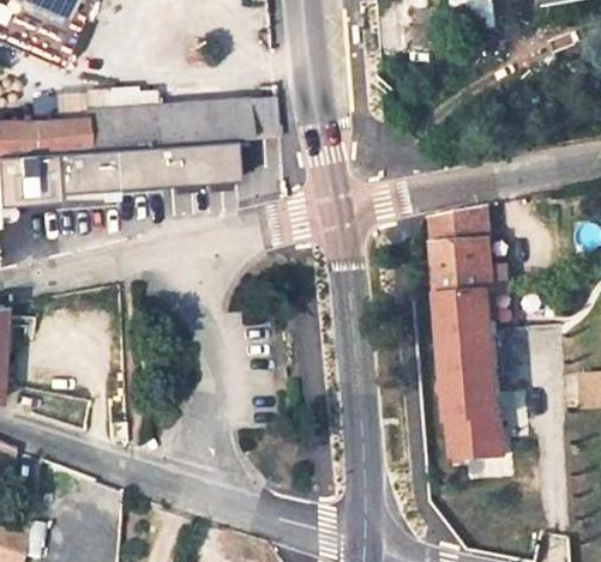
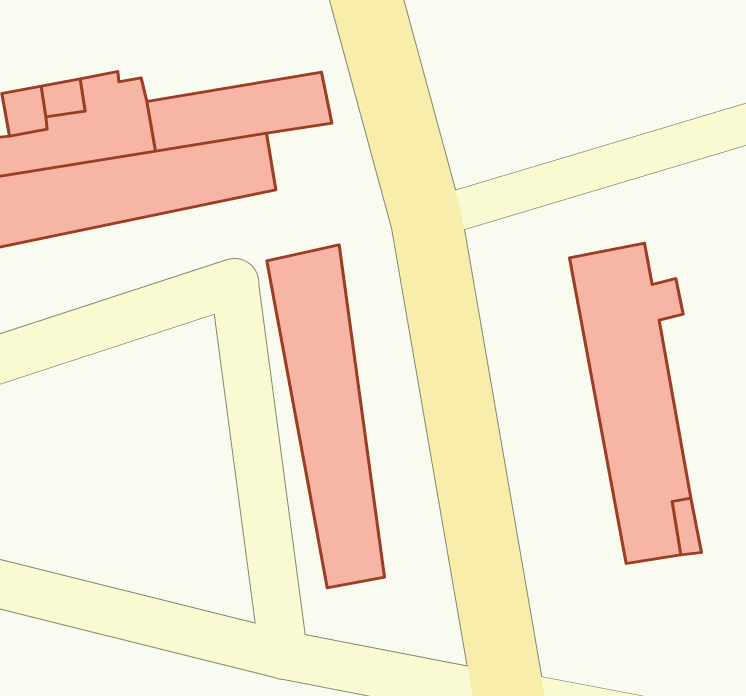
building: [429,209,483,246] -> none
building: none -> [267,245,385,588]

